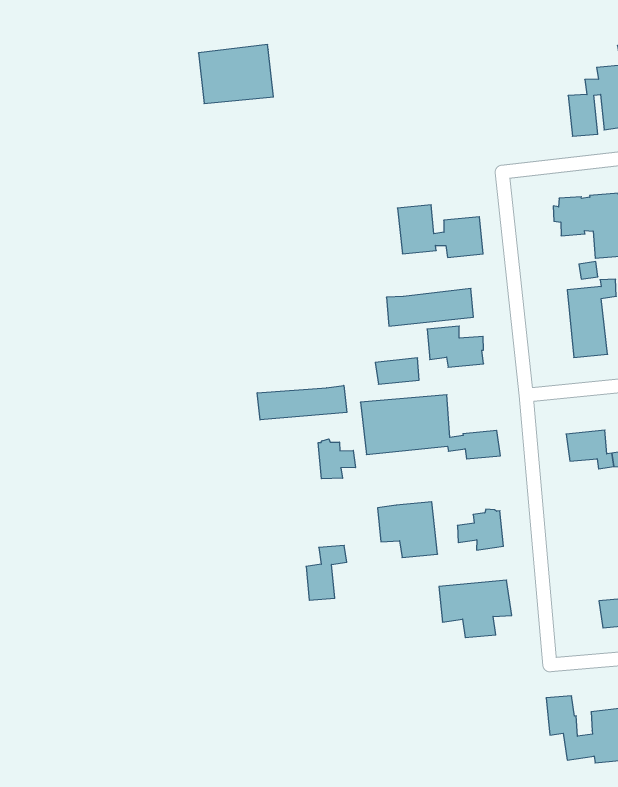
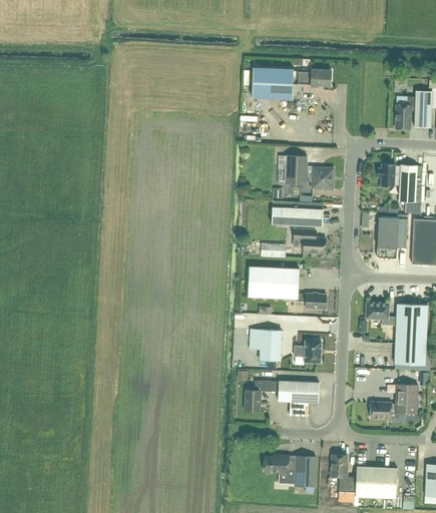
building: [198,45,273,104] -> [252,67,294,99]
building: none -> [298,69,332,87]
building: [257,385,347,420] -> none
building: [318,439,355,479] -> none
building: [306,545,347,600] -> [245,380,270,411]
building: none -> [264,455,316,486]

